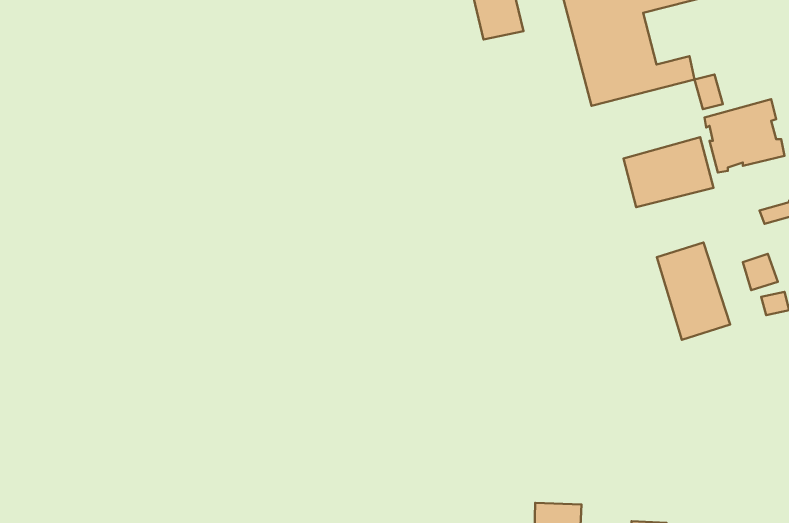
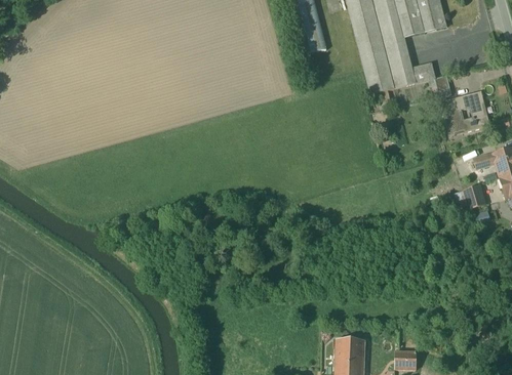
building: [623,137,713,207] -> none
building: [657,242,730,340] -> none

